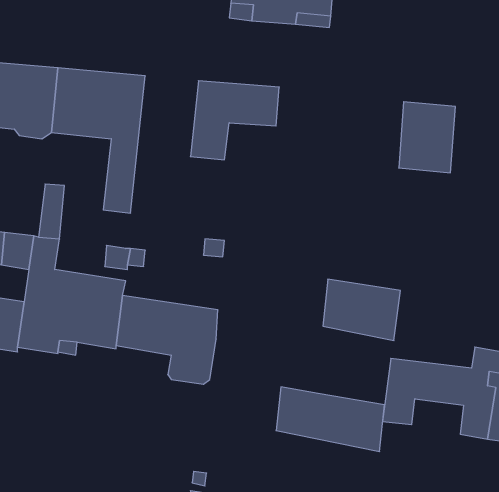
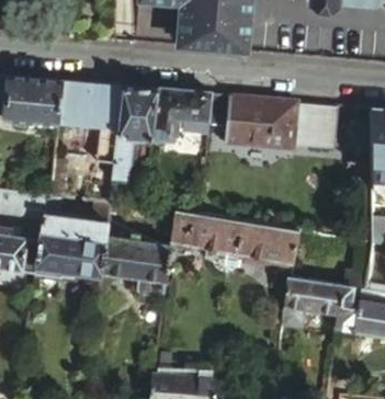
building: none -> [112,87,158,182]
building: none -> [210,94,298,149]
building: [276,387,384,452] -> [172,213,246,256]

